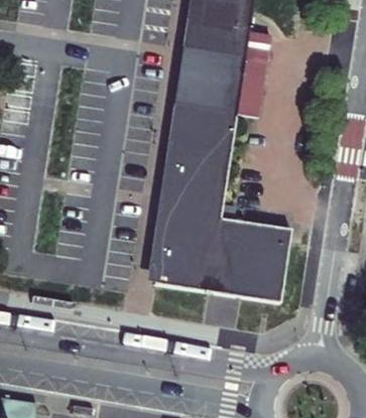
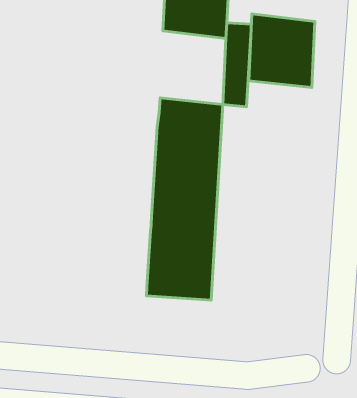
building: [178,42,243,114] -> [249,14,315,87]
building: [209,214,289,302] -> none

